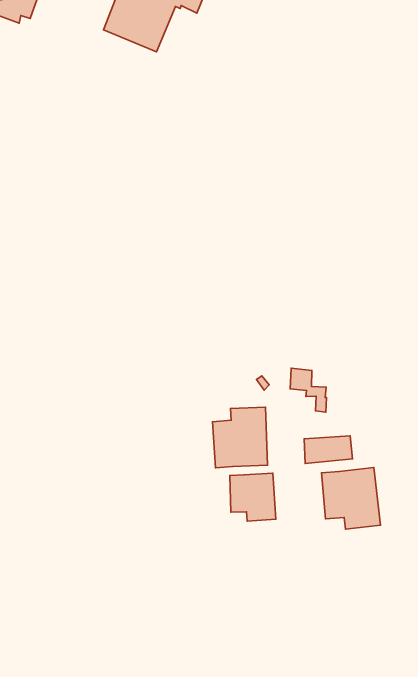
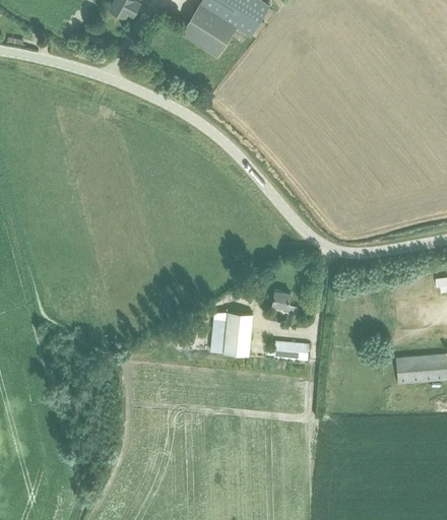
building: [322,468,380,529] -> none
building: [230,473,276,521] -> none

